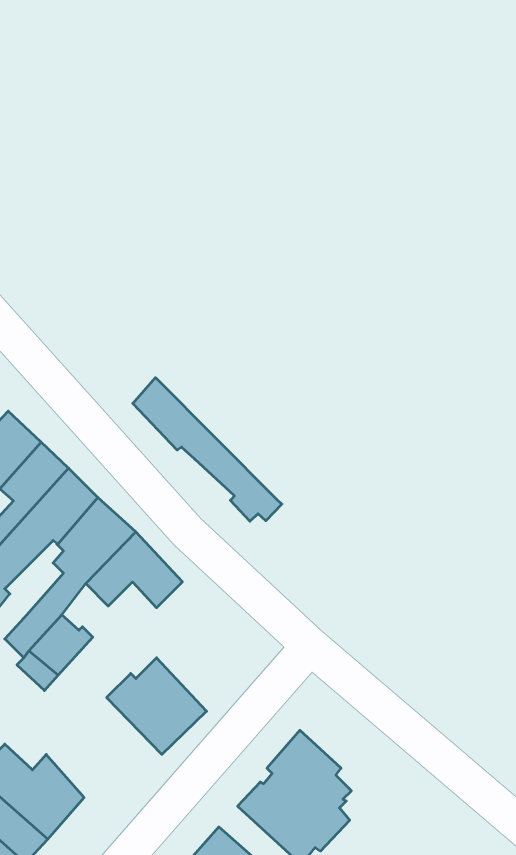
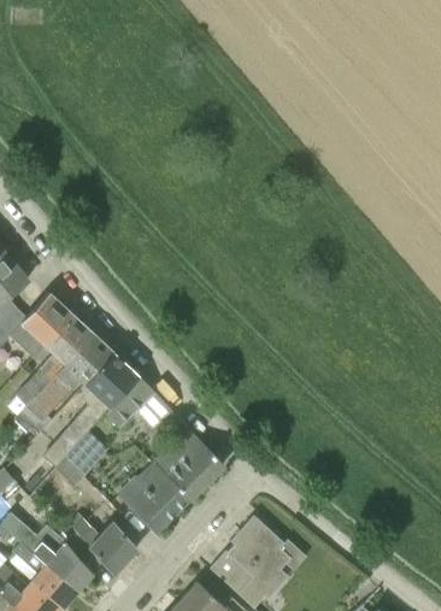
building: [133,378,282,521] -> none
building: none -> [153,430,224,501]
building: none -> [72,518,139,572]

